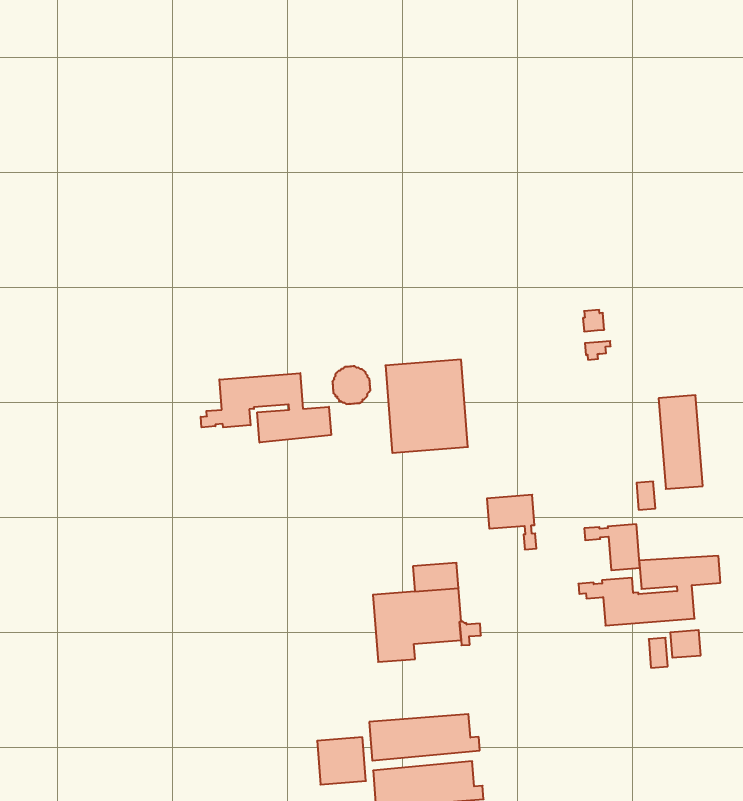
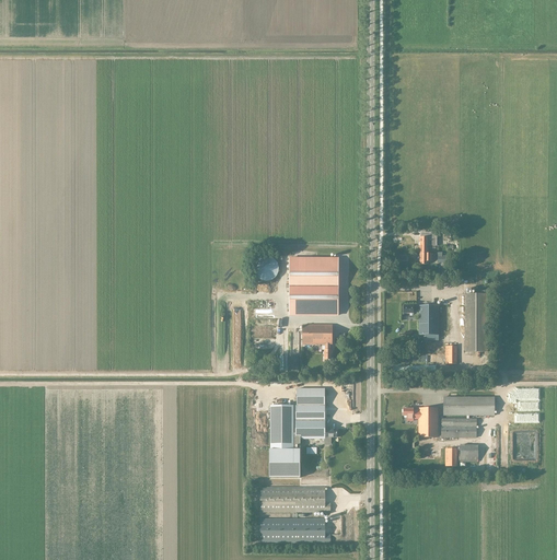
building: [201,373,331,443] -> none
building: [487,495,536,549] -> [302,324,332,359]
building: [584,524,640,570] -> [404,305,438,334]
building: [317,737,366,785] -> [269,448,299,477]

